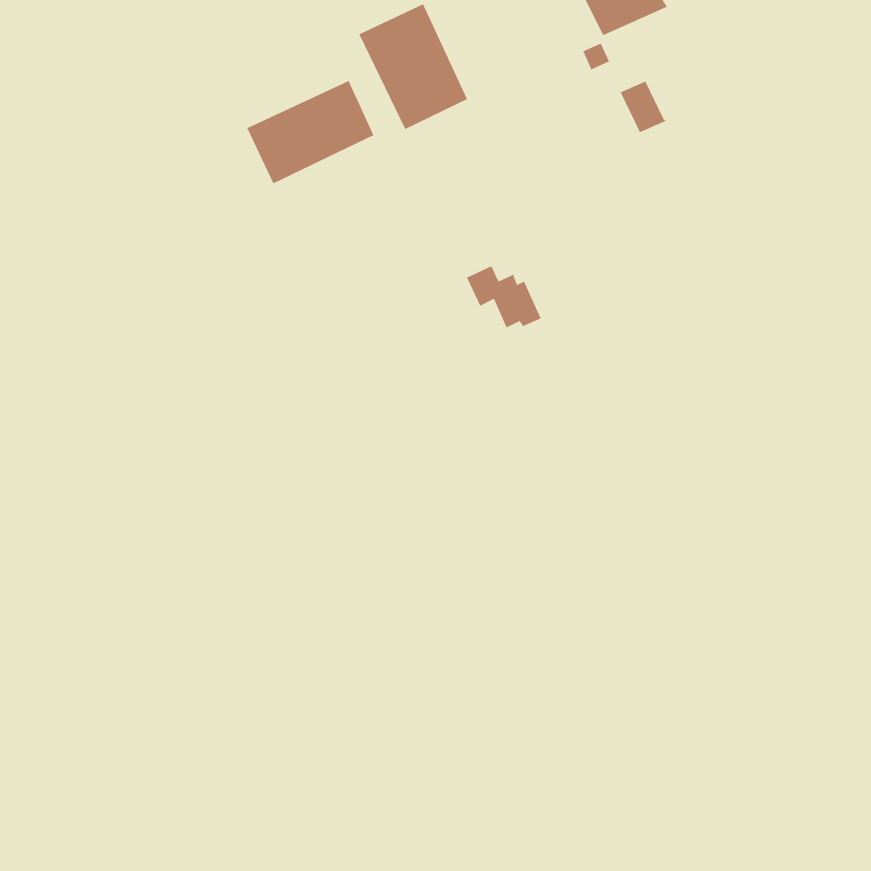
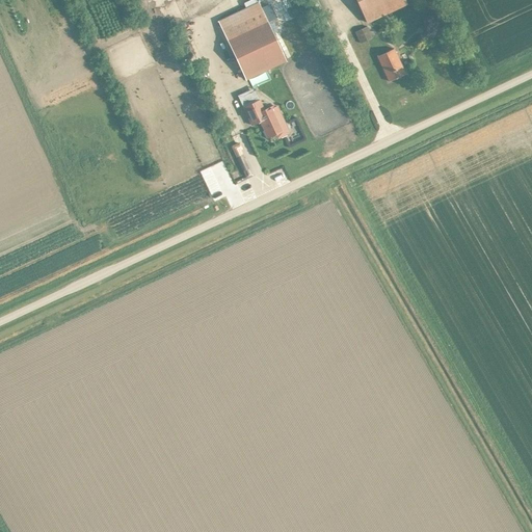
building: [247,80,374,184] -> none
building: [466,265,541,329] -> [244,100,290,138]

